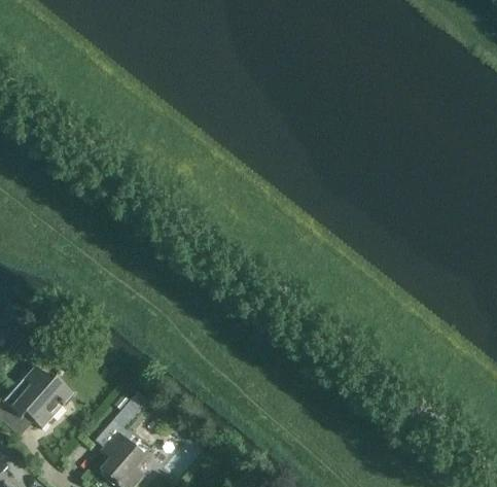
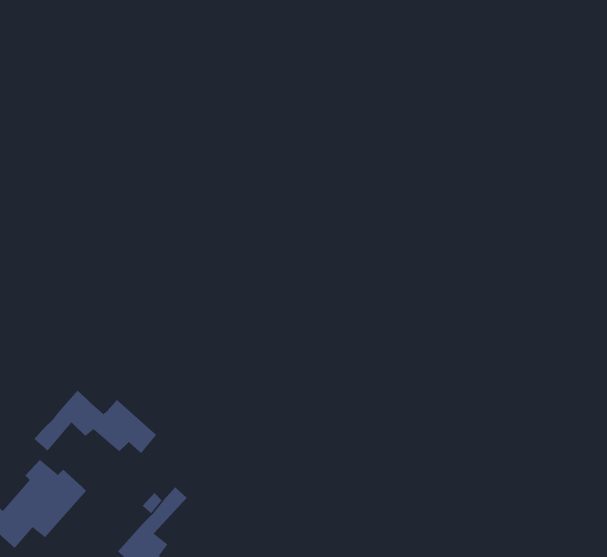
building: none -> [34,390,157,454]

